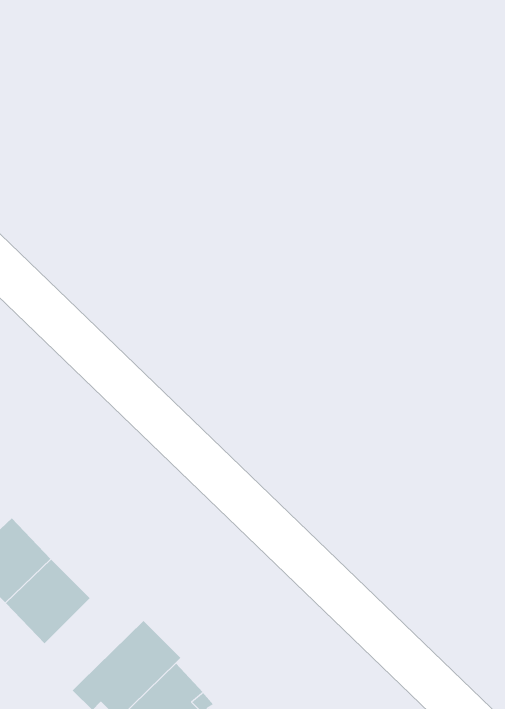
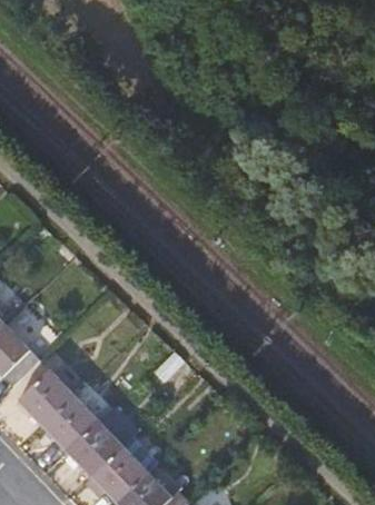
building: none -> [68,407,136,475]

